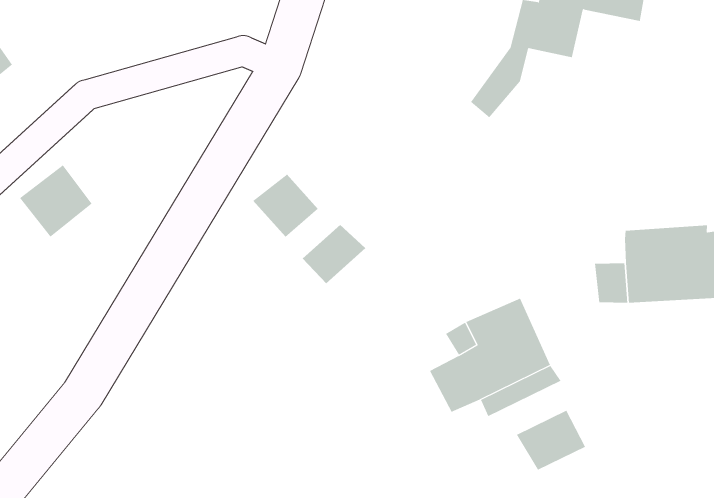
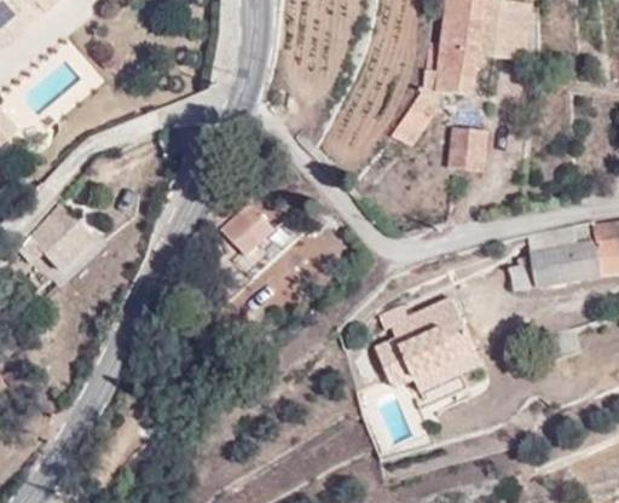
building: none -> [447,128,485,170]
building: [302,224,366,284] -> none
building: [516,410,586,471] -> none

